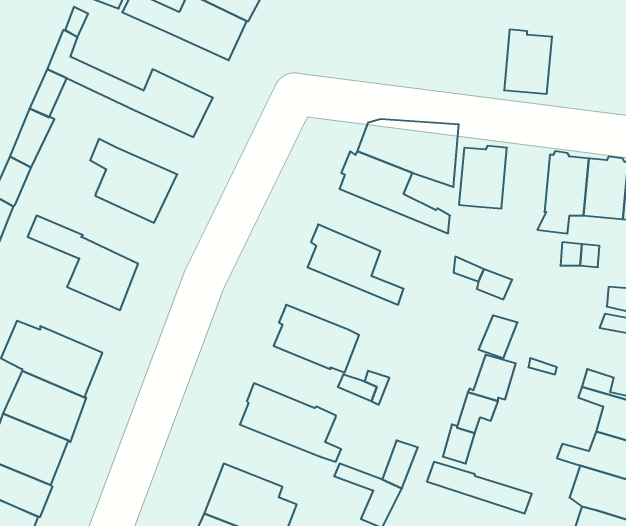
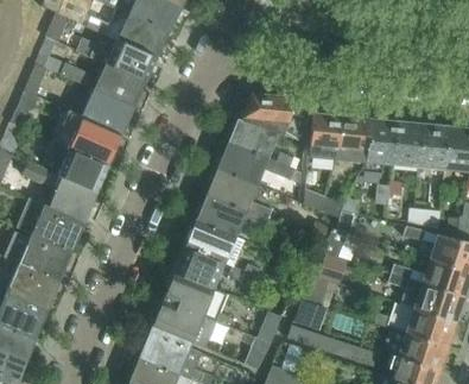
building: [504,30,552,94] -> [337,115,369,158]
building: none -> [76,37,156,82]
building: none -> [81,90,132,133]
building: none -> [45,139,107,193]
building: none -> [215,143,302,184]
building: none -> [194,195,268,237]
building: none -> [18,197,83,252]
building: none -> [172,247,223,289]
building: none -> [152,300,216,341]

